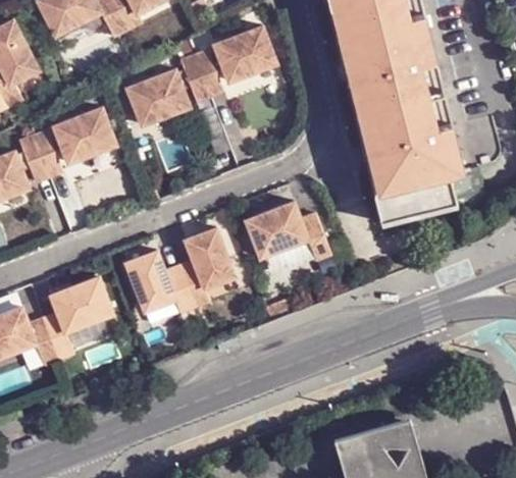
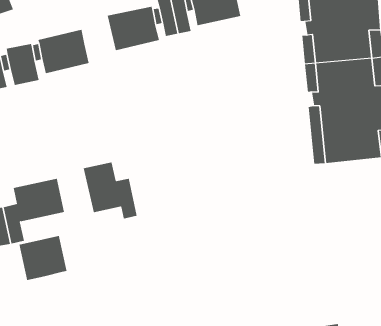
building: [245,202,330,261] -> none
building: [178,228,234,307] -> none
building: none -> [19,235,67,281]

